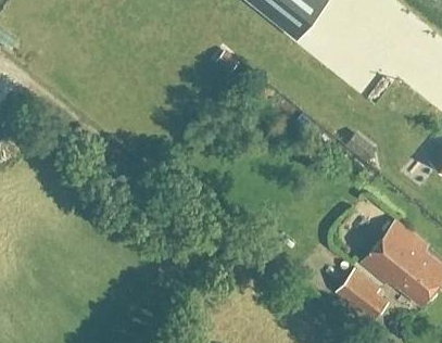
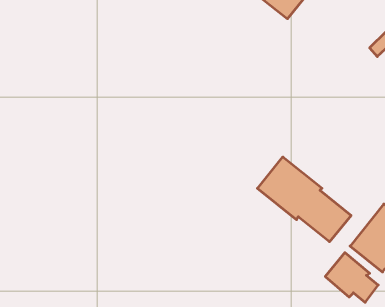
building: none -> [257,157,351,242]

